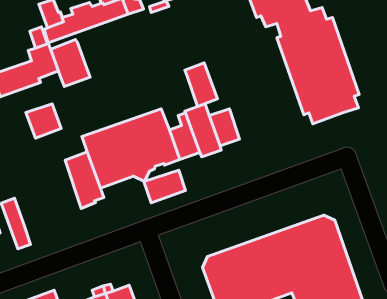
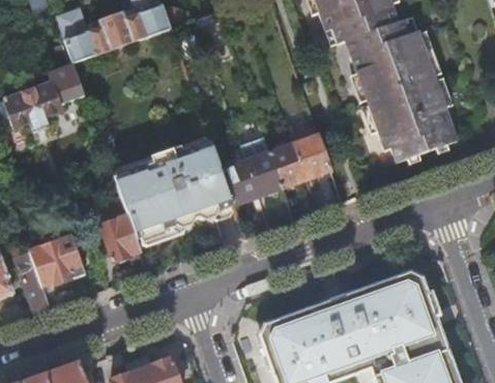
building: [51,40,90,87] -> none
building: [185,63,218,107] -> [291,125,331,179]
building: [26,104,61,138] -> none
building: [144,170,186,203] -> none
building: none -> [29,228,85,286]

